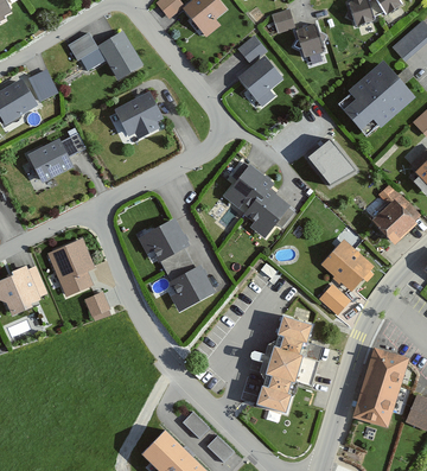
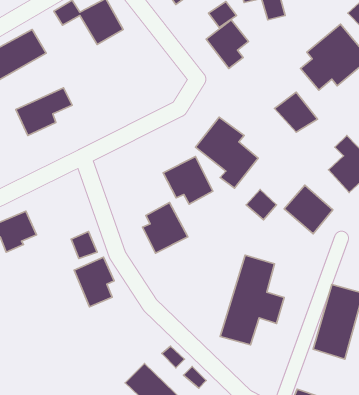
building: [111,94,161,142] -> none
building: [140,218,195,270] -> [163,157,213,204]
building: [52,238,96,293] -> [74,257,114,307]
building: [318,282,351,316] -> [246,190,277,220]

